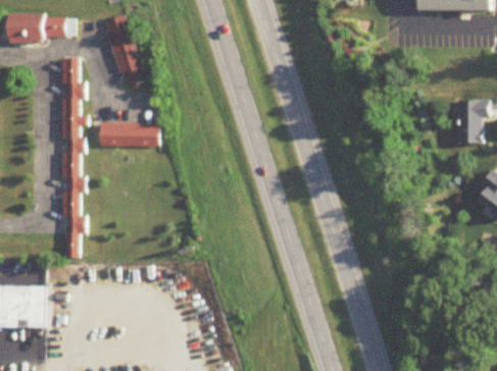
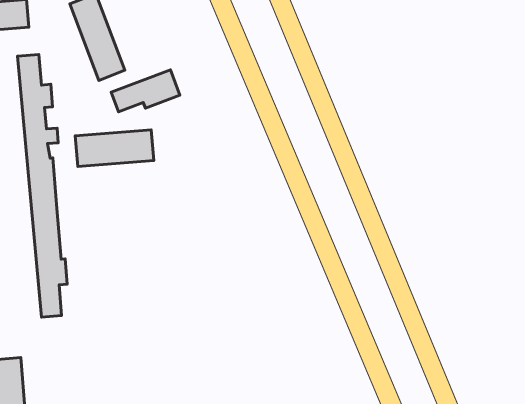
building: none -> [111,70,180,112]

